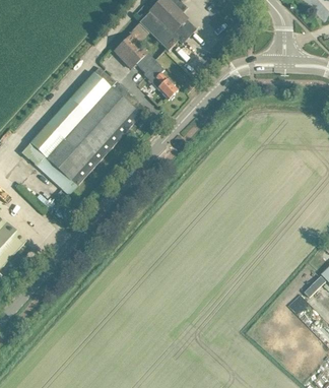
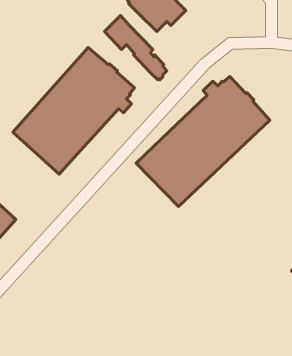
building: none -> [136,76,270,207]

